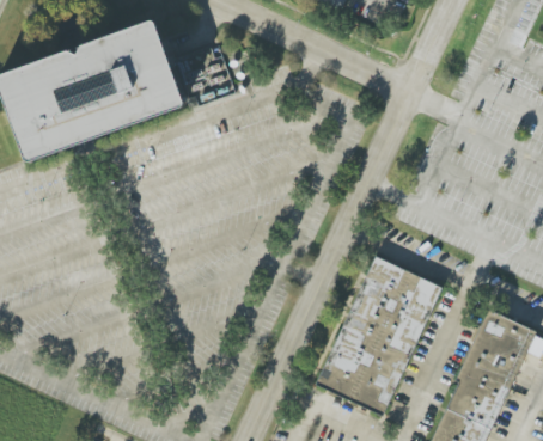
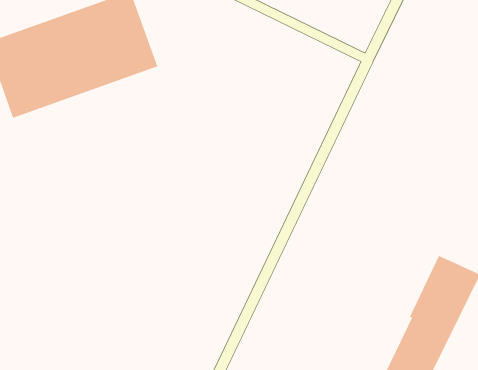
building: [316,257,441,416] -> none

